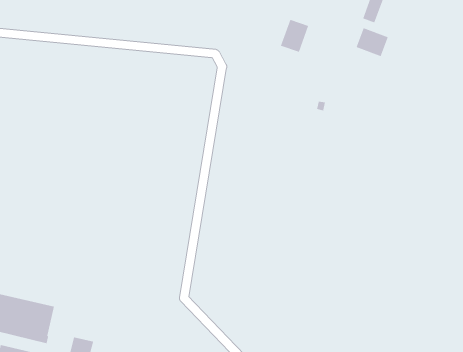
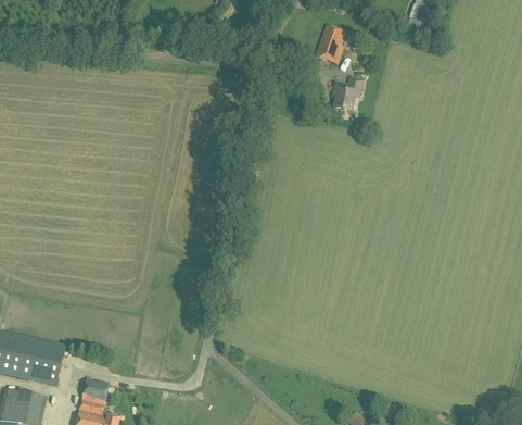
building: [355,27,389,57] -> none
building: none -> [332,77,362,112]

